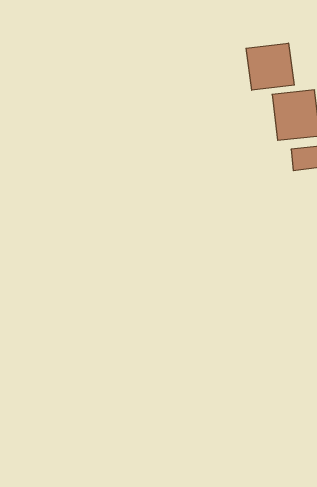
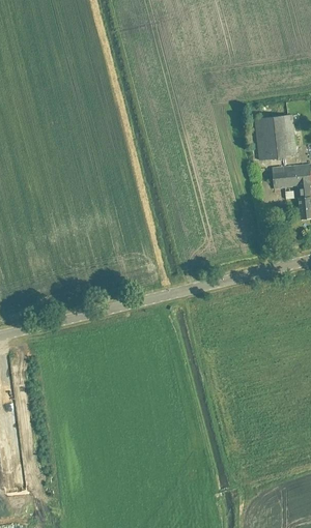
building: [246,43,294,90] -> none

